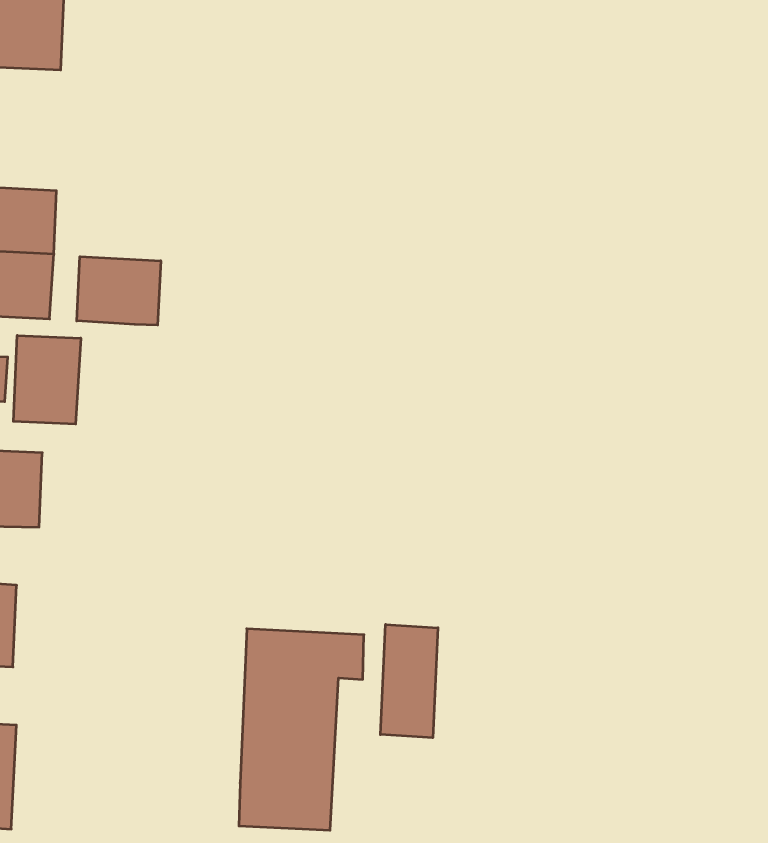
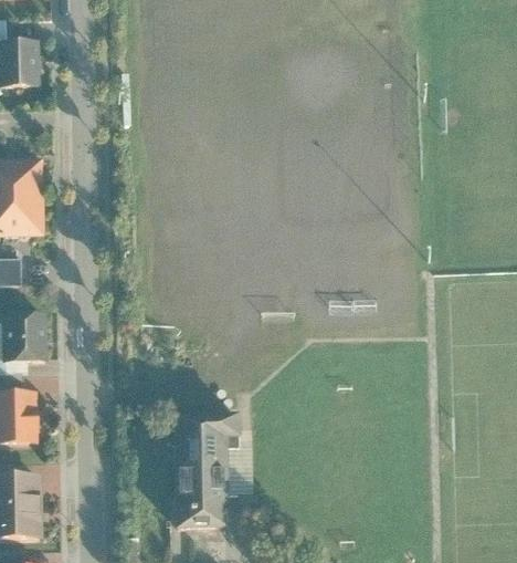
building: [77,257,161,325] -> none
building: [13,335,81,424] -> none
building: [380,624,438,738] -> none

